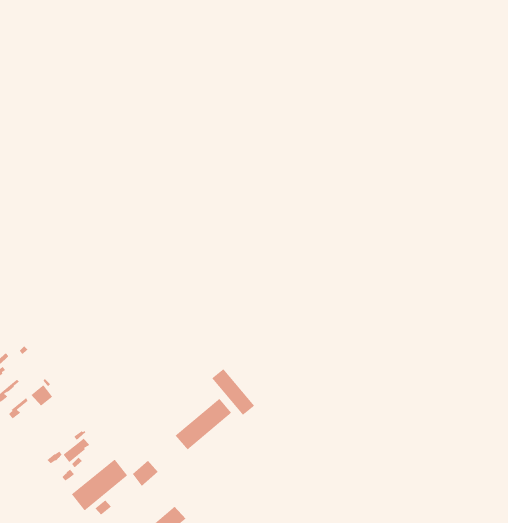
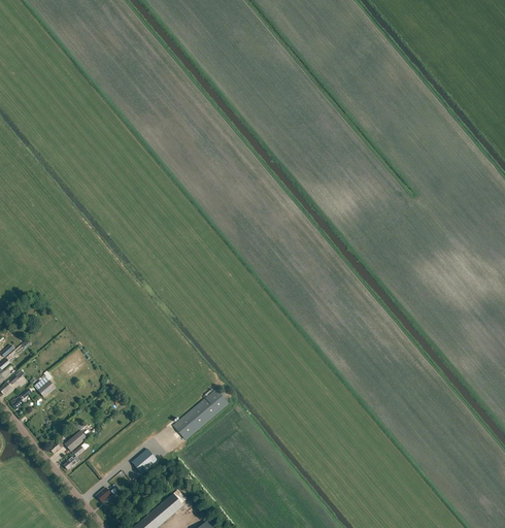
building: [211,368,255,416] -> none
building: [71,458,128,511] -> none

